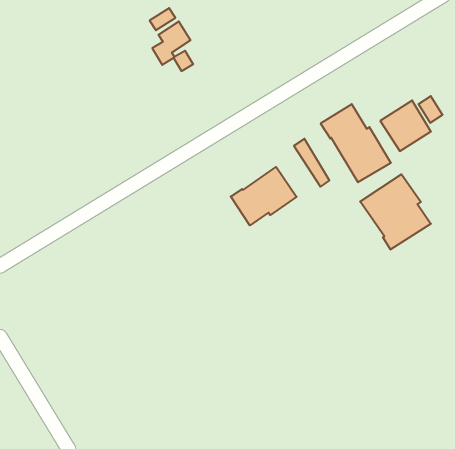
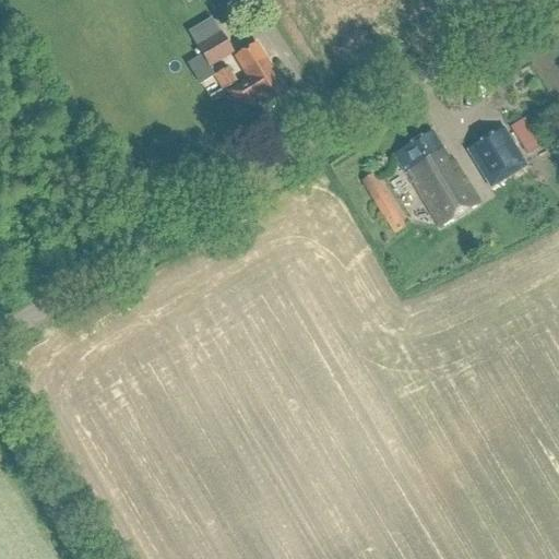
building: none -> [227,40,286,106]
building: [231,167,297,225] -> none
building: [360,174,431,250] -> none

